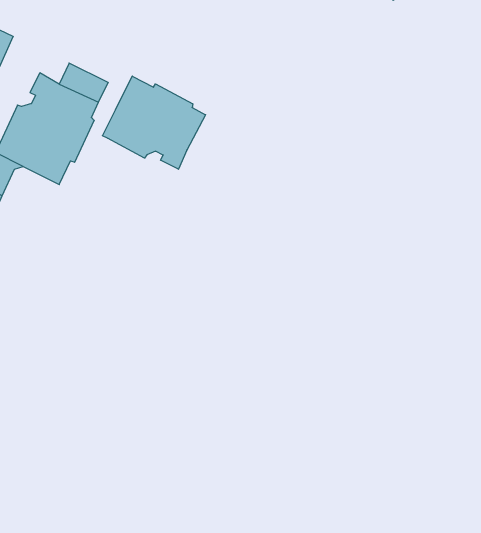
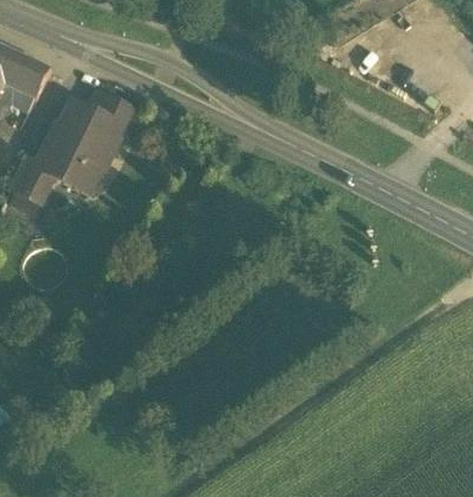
building: [102,76,206,169] -> none

